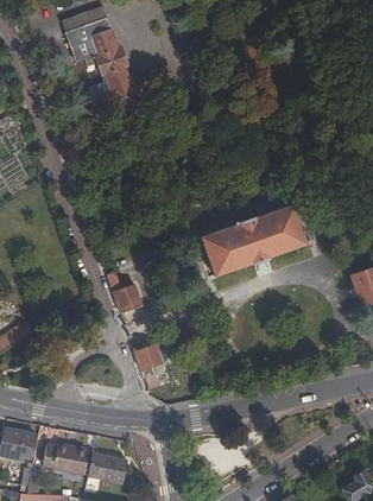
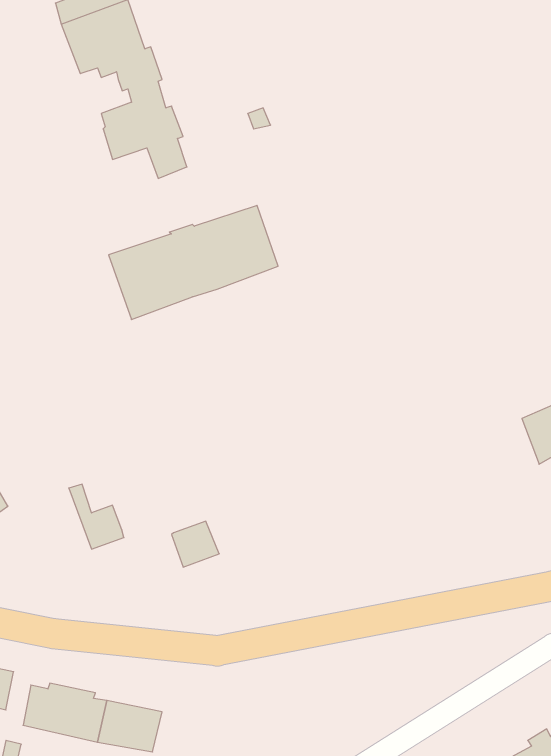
building: [200,205,305,277] -> [109,205,278,320]
building: [107,273,141,313] -> [69,484,124,549]

